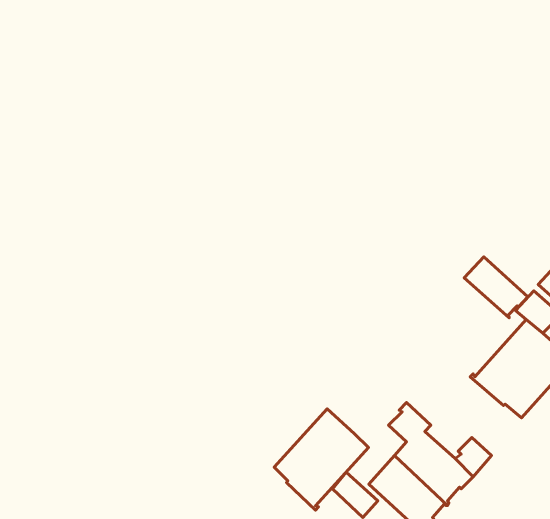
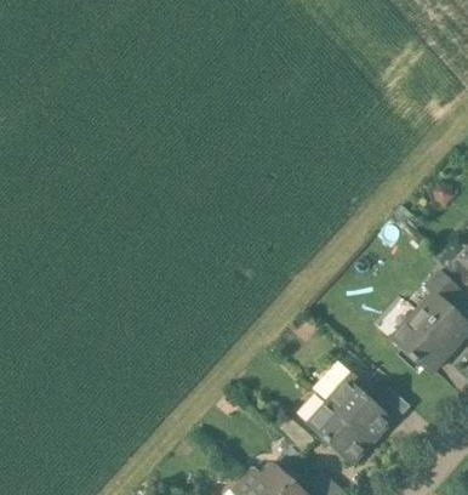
building: [464,257,528,318] -> none
building: [274,409,368,510] -> none

